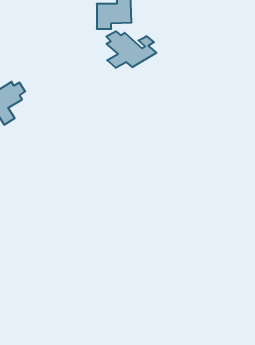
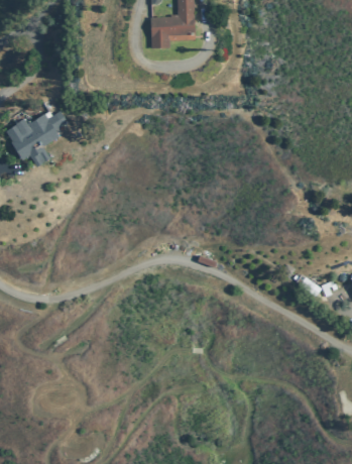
building: [106,31,156,68] -> none

